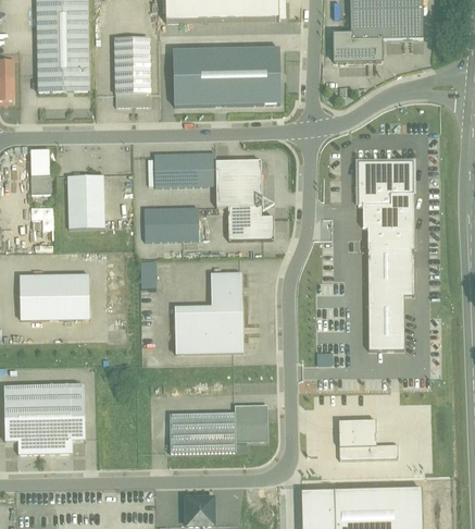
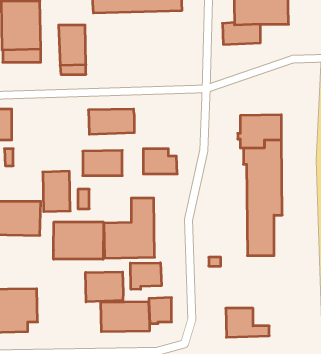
building: [173,47,279,104] -> none
building: [215,159,261,206] -> none
building: [67,172,104,226] -> [43,171,70,212]
building: none -> [54,222,103,259]
building: none -> [130,263,161,289]
building: none -> [86,272,123,302]

